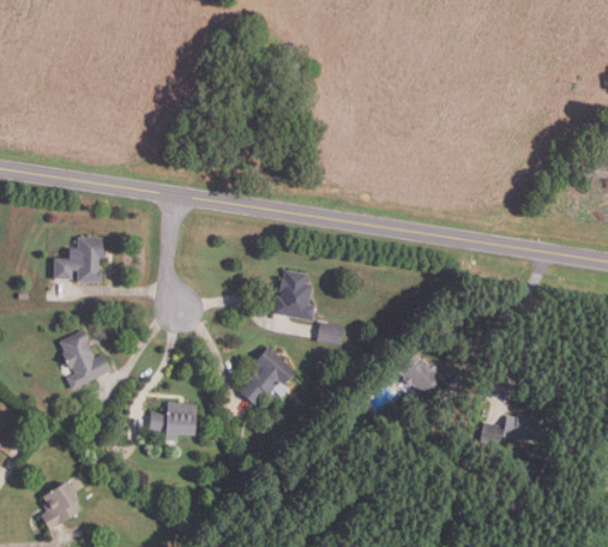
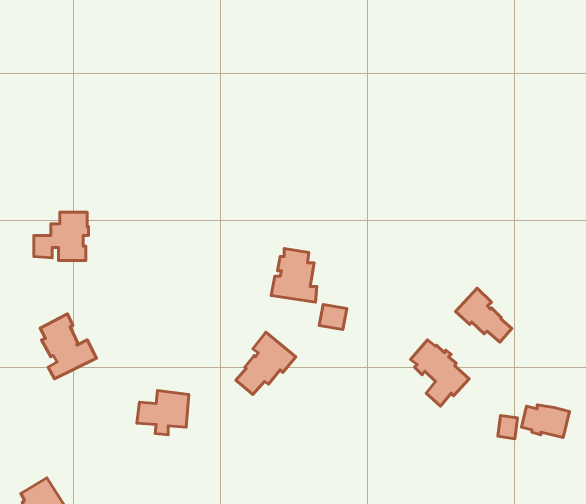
building: none -> [456,288,512,342]

